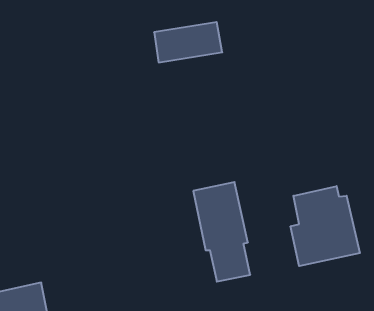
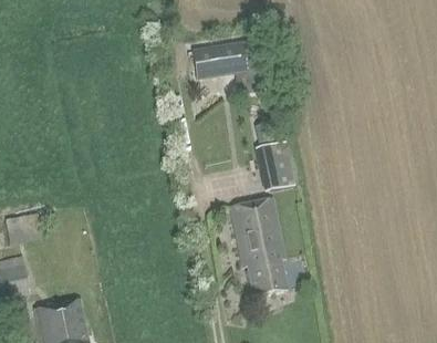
building: none -> [254,139,294,189]
building: [291,186,360,266] -> none

